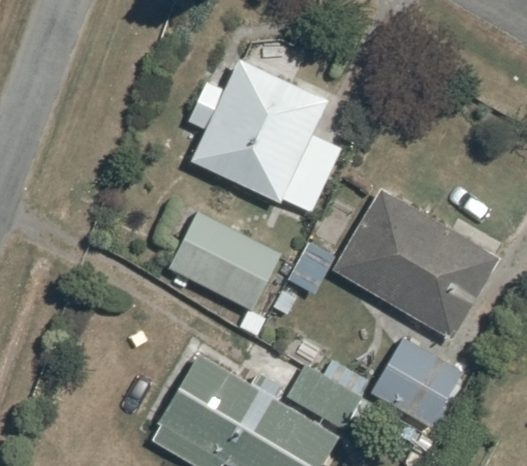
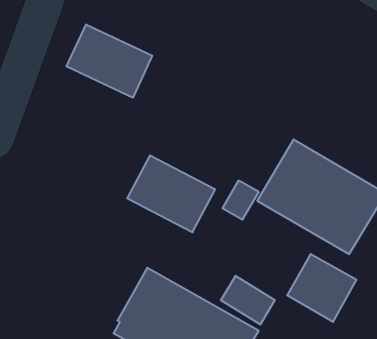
building: none -> [67,24,152,98]
building: [189,59,343,210] -> none

